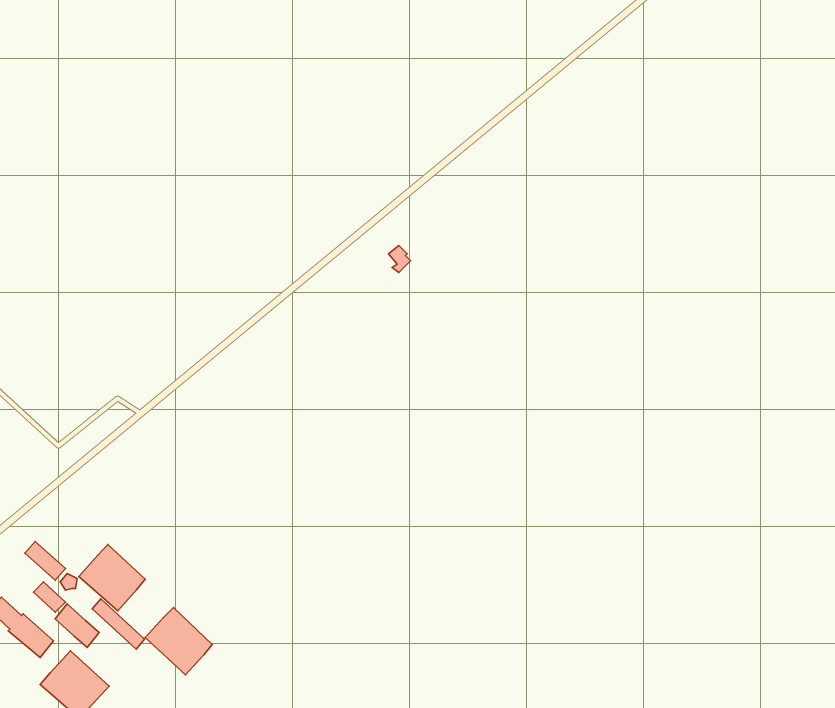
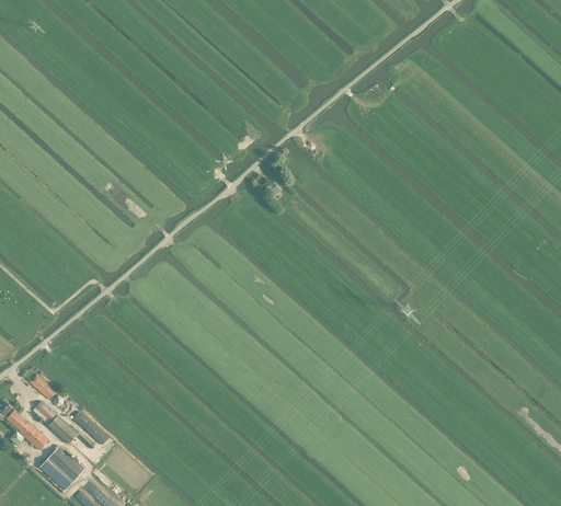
building: [79,544,145,611] -> none
building: [145,607,212,675] -> none

